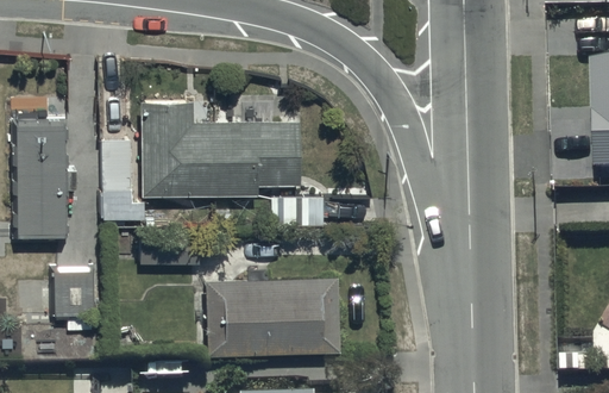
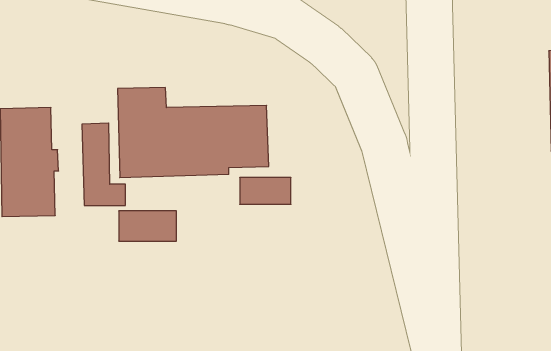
building: [54,270,95,331] -> none
building: [205,276,338,355] -> none

